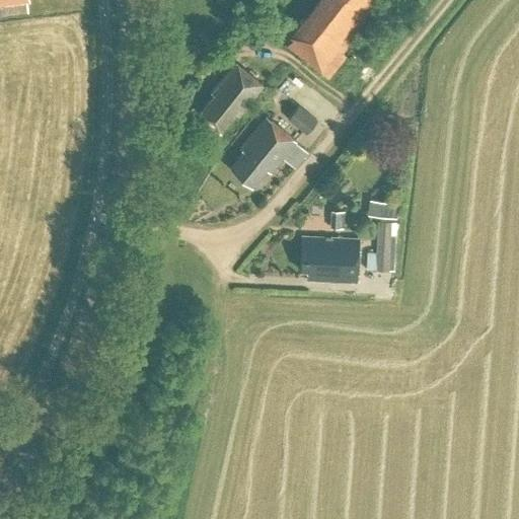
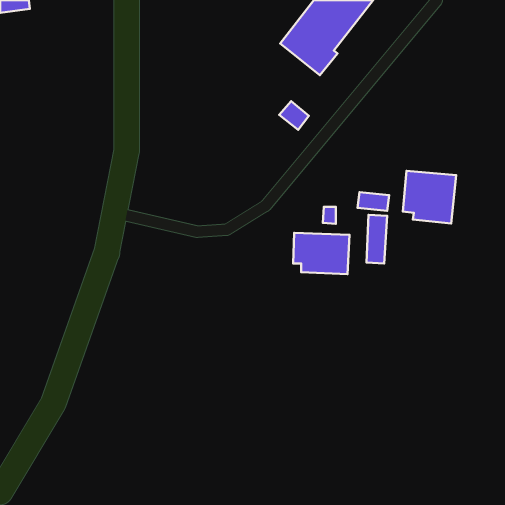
building: [198,60,263,131] -> none
building: [229,119,294,188] -> none
building: none -> [403,171,456,224]

